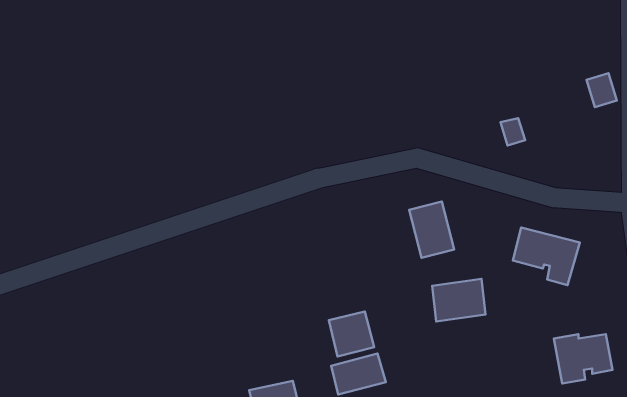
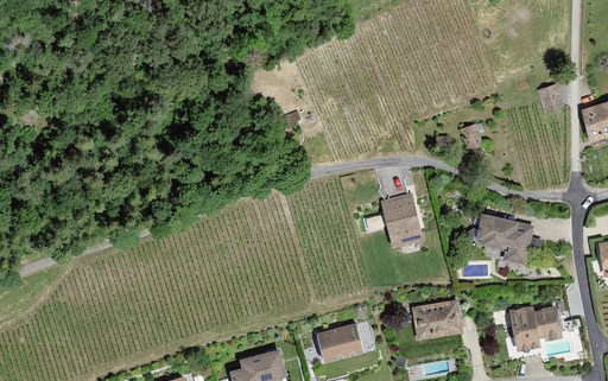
building: [432,279,485,321] -> [412,301,458,338]
building: [329,311,374,357] -> none

